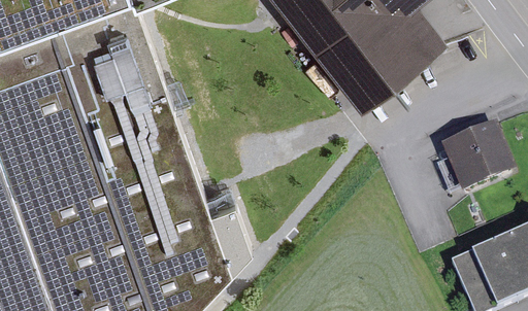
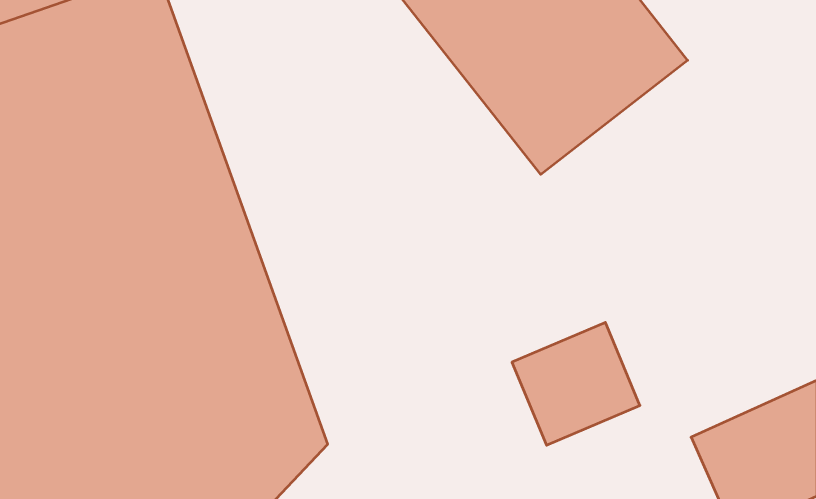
building: [440,129,517,202] -> [512,322,640,445]

